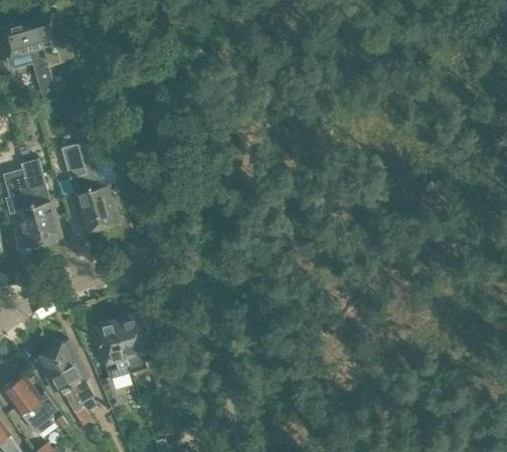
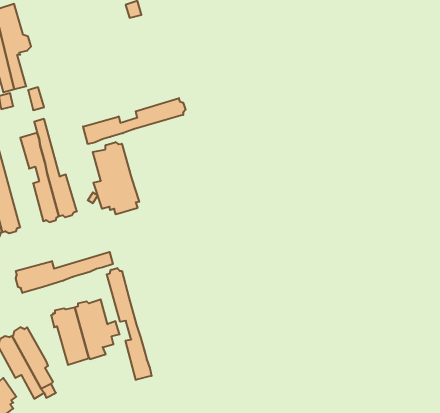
building: none -> [83,98,185,144]
building: none -> [93,142,139,214]
building: none -> [16,252,113,293]
building: none -> [107,268,152,380]

